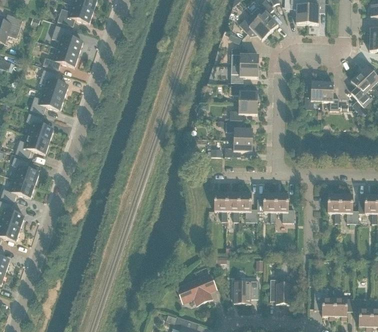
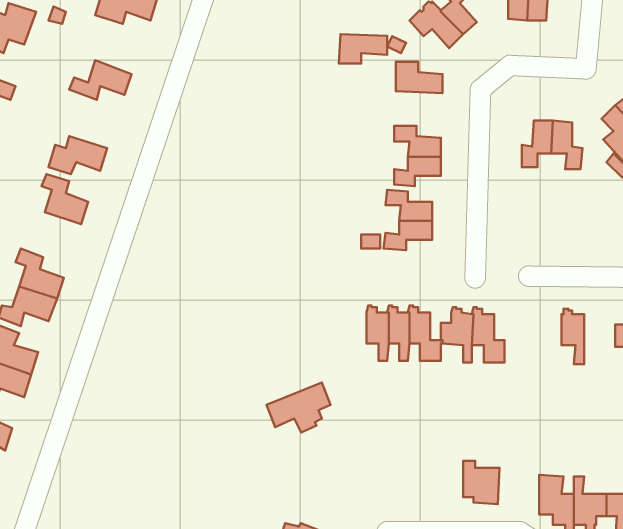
building: [51,24,83,54] -> none
building: [230,64,258,81] -> [339,34,387,64]
building: [39,68,68,97] -> none
building: [15,134,49,156] -> none
building: [340,190,358,222] -> none
building: [178,274,215,303] -> [267,382,330,432]
building: [234,279,258,302] -> none

